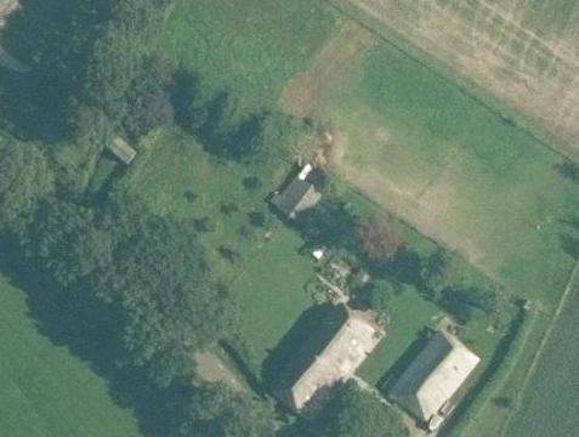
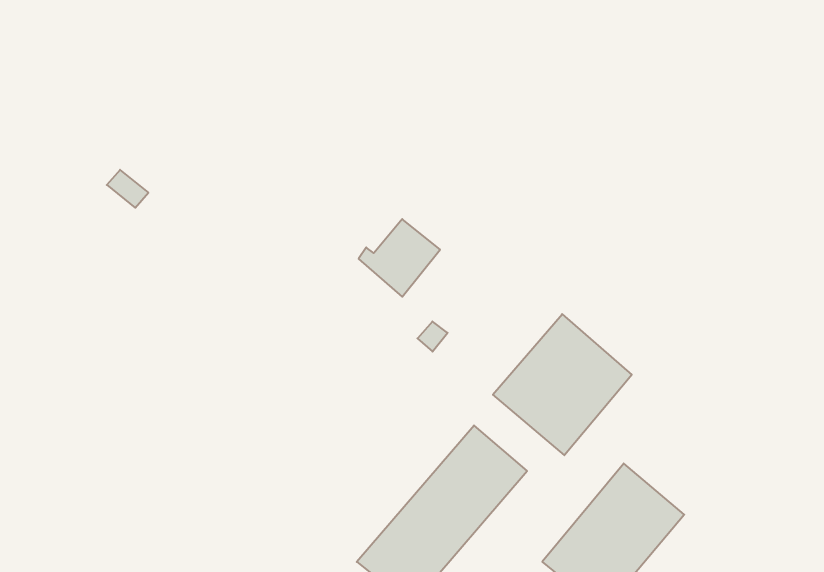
building: none -> [493,314,632,455]

